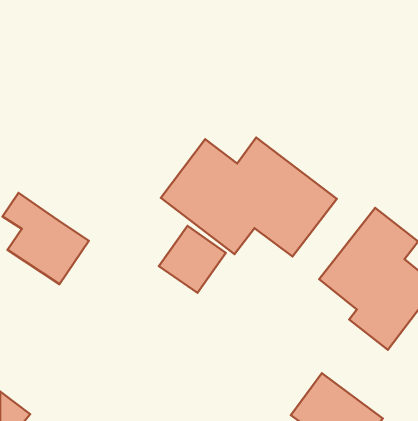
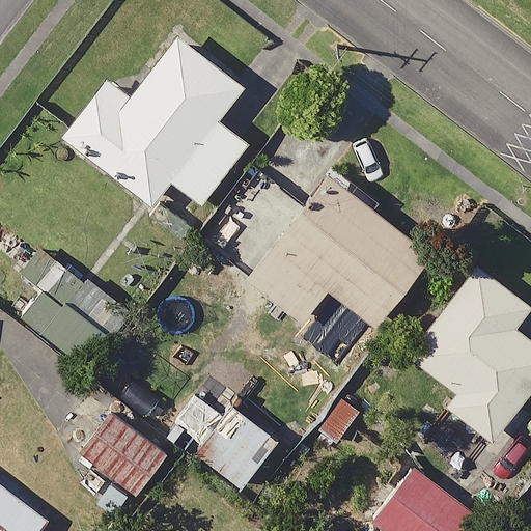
building: none -> [63,40,247,206]
building: [159,226,226,293] -> [195,406,278,488]
building: none -> [81,411,170,496]

